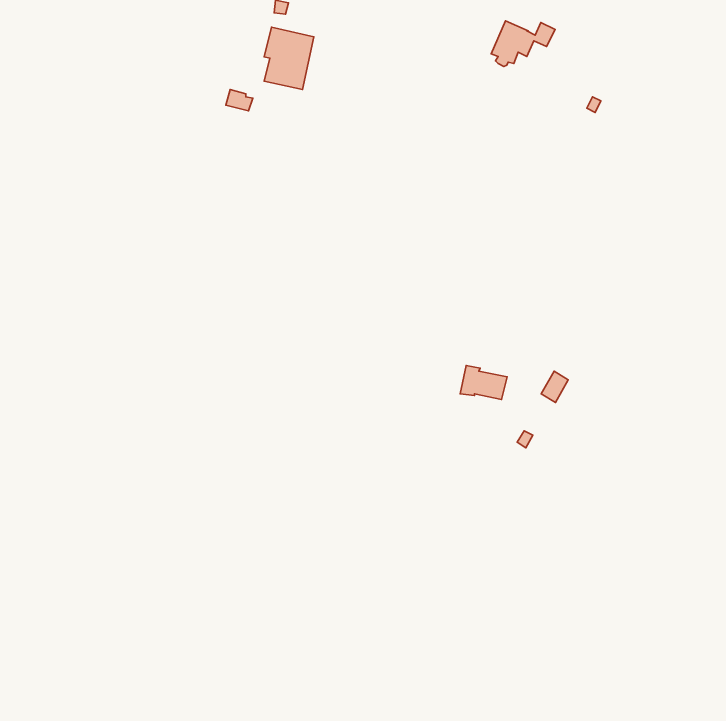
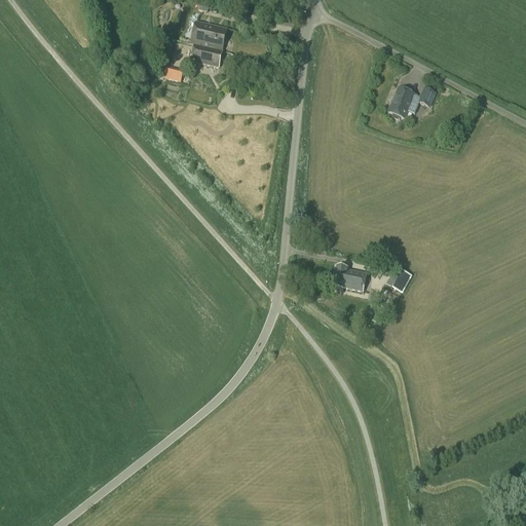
building: [491,21,555,66] -> [388,85,435,118]

